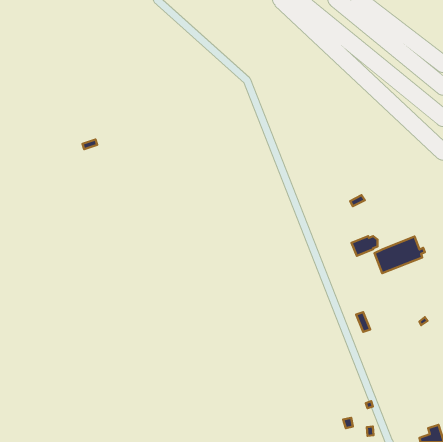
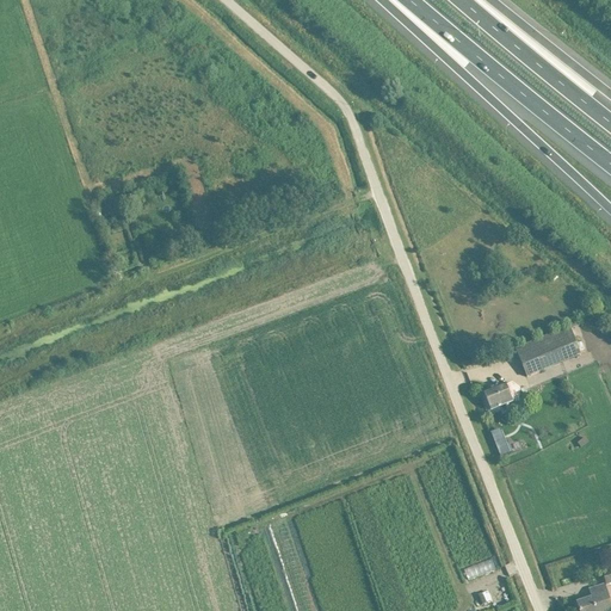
building: [352,236,378,256] -> [483,383,519,411]

